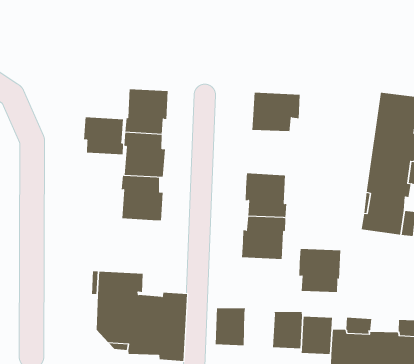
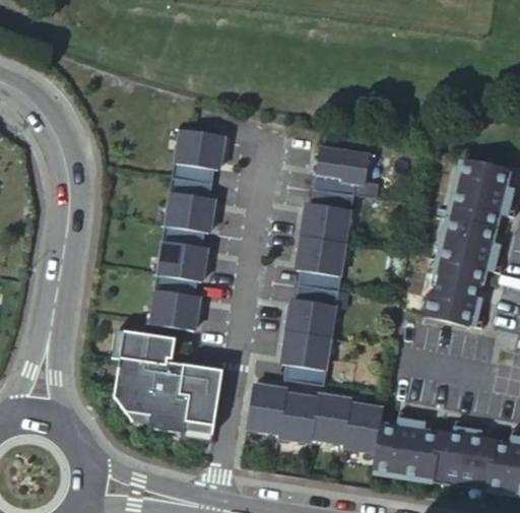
building: [83,116,123,155] -> none
building: none -> [303,188,358,243]
building: none -> [147,272,198,329]
building: [298,248,341,293] -> [281,331,333,386]
building: none -> [278,394,317,441]

